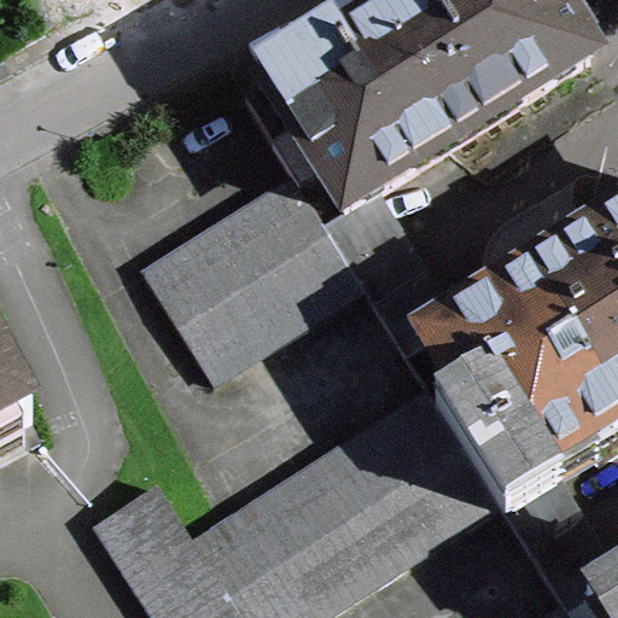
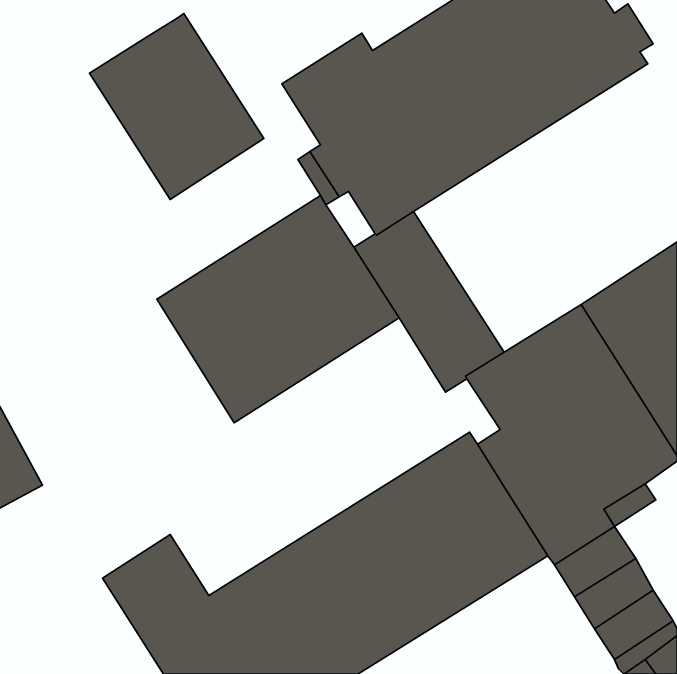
building: none -> [90,13,264,199]

